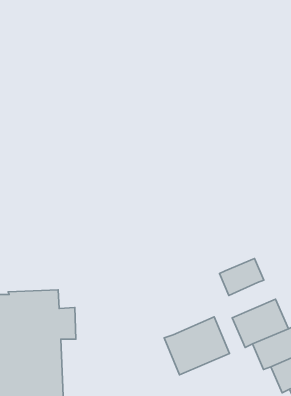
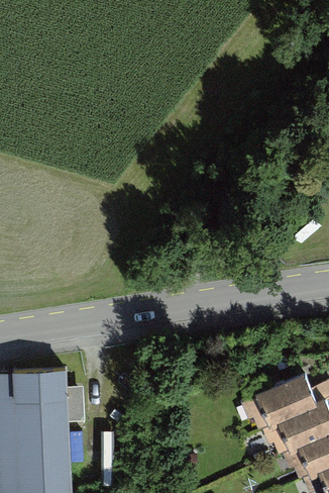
building: [219,258,264,295] -> none
building: [164,317,229,375] -> none

